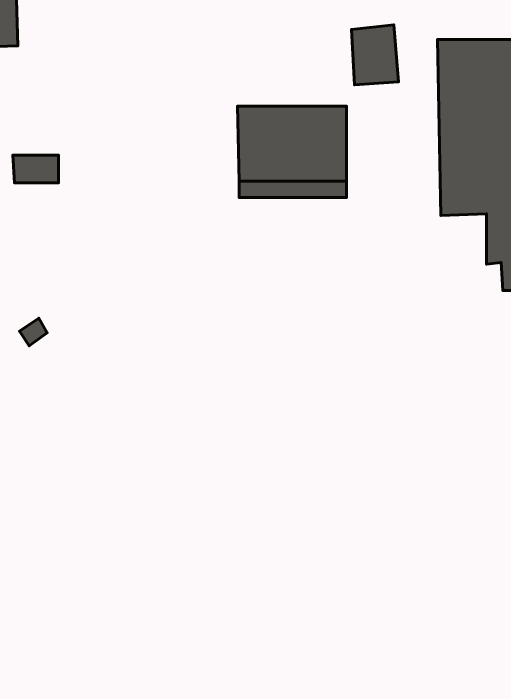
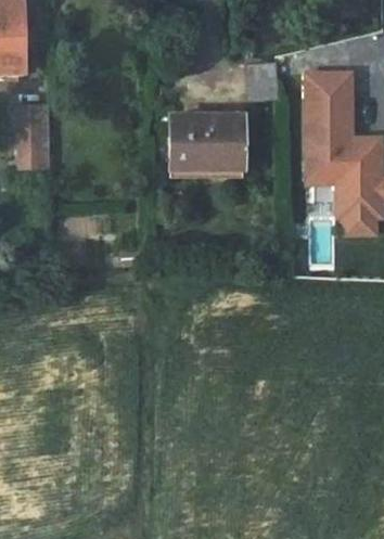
building: none -> [17,104,49,145]

